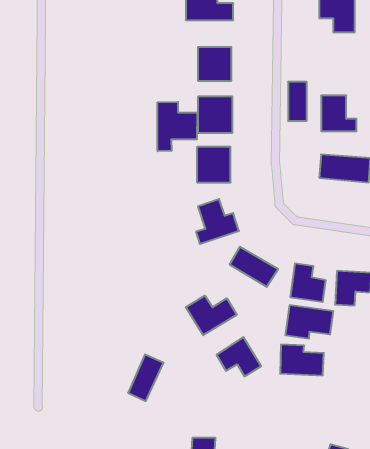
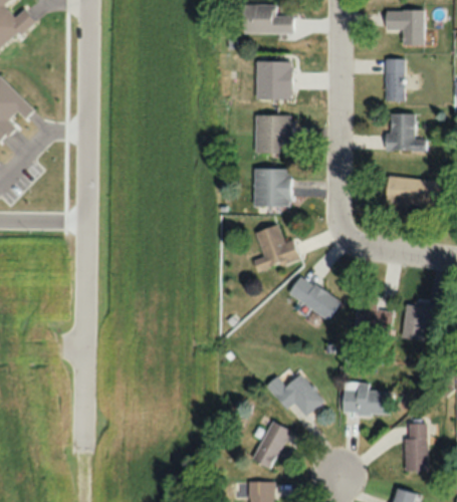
building: [288,82,307,121] -> [385,58,405,100]
building: [158,102,197,151] -> none
building: [186,296,237,335] -> none
building: [285,305,333,339] -> none
building: [128,354,164,401] -> [253,421,291,471]
building: none -> [406,424,429,471]

